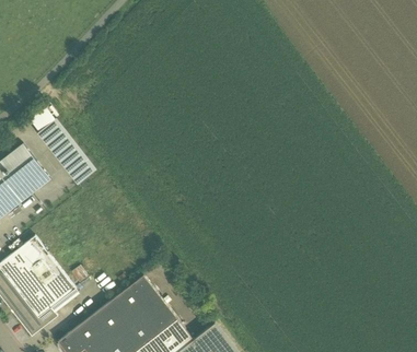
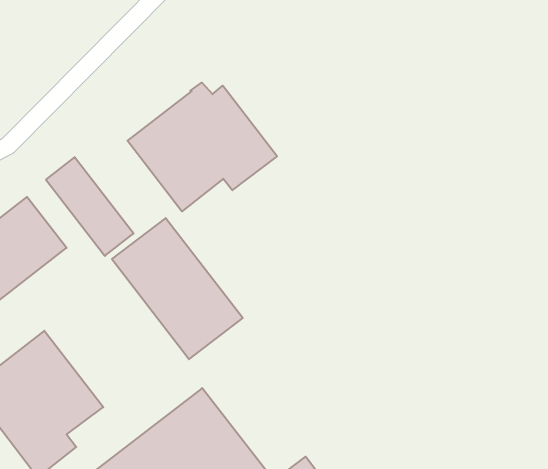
building: none -> [127,83,277,211]
building: none -> [112,218,243,359]

